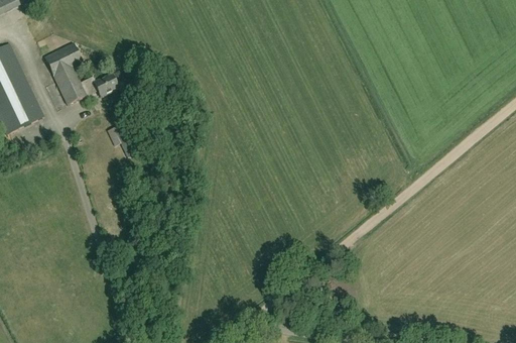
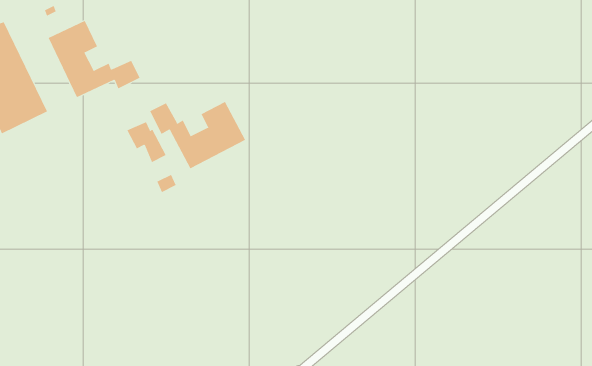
building: none -> [149,101,246,169]

